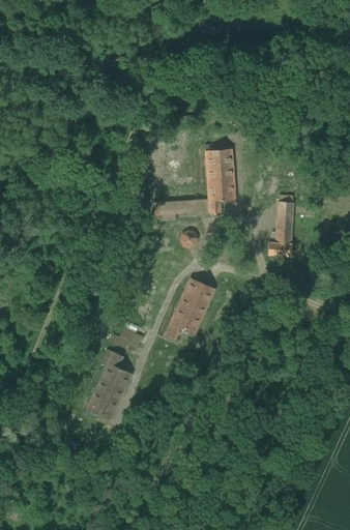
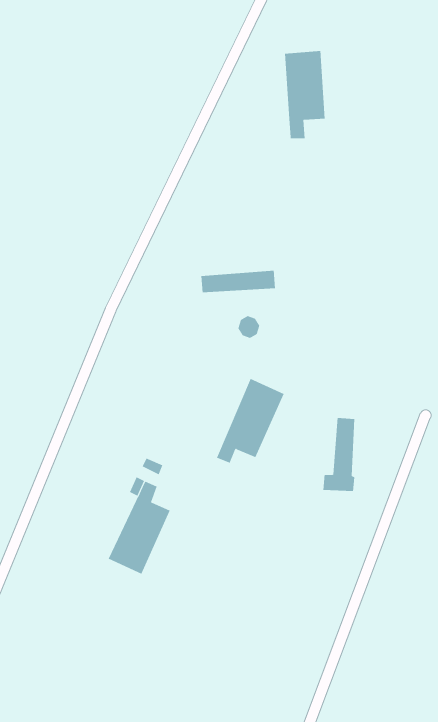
building: [205,148,235,212] -> [284,51,325,139]
building: [268,201,292,255] -> [322,417,355,491]

